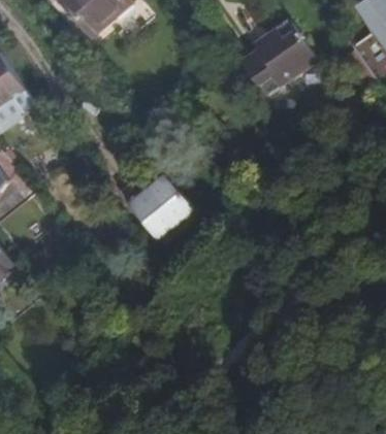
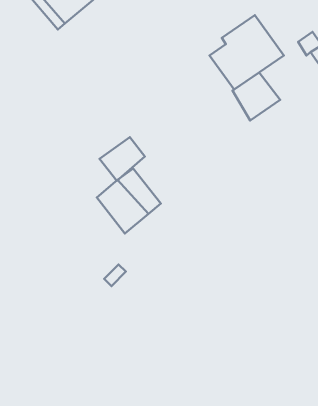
building: none -> [233,73,280,121]
building: none -> [99,137,145,181]

